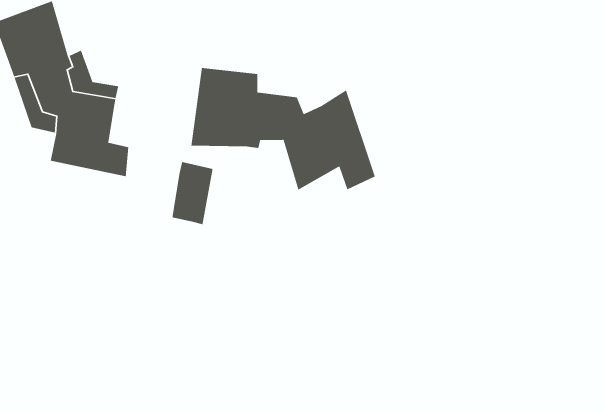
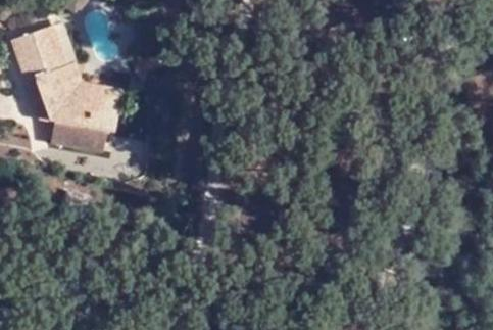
building: [190,67,376,191] -> none
building: [171,161,213,225] -> [92,85,121,130]

